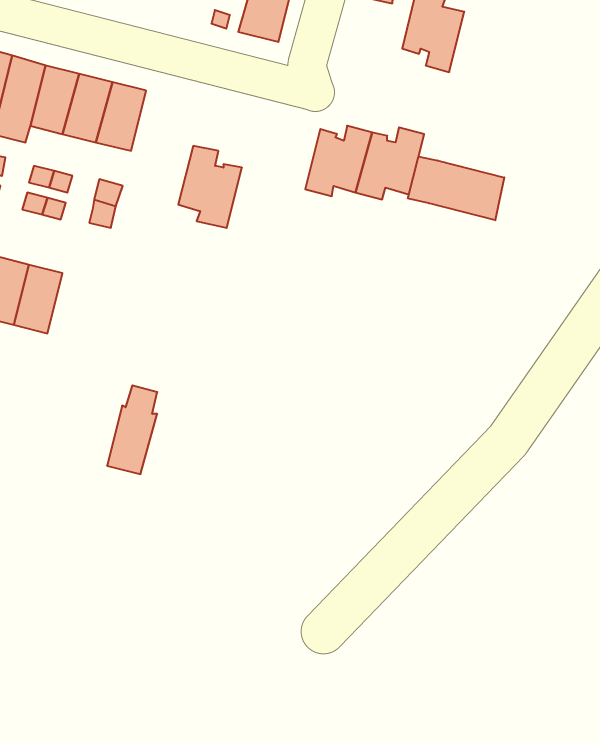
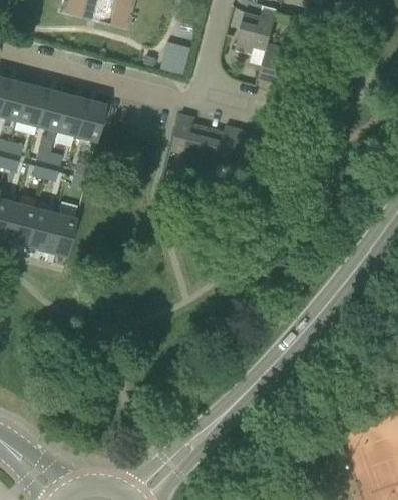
building: [178,146,242,228] -> [171,114,210,163]
building: [408,157,504,220] -> none
building: [107,385,157,474] -> [46,201,76,255]

